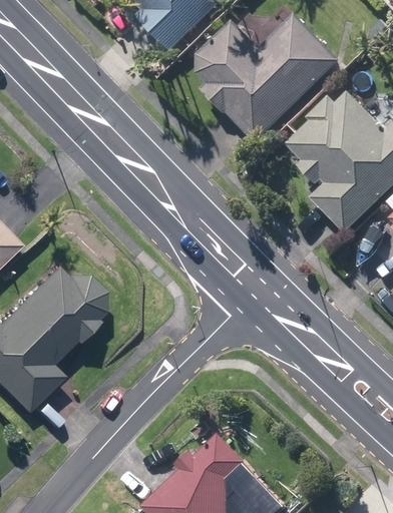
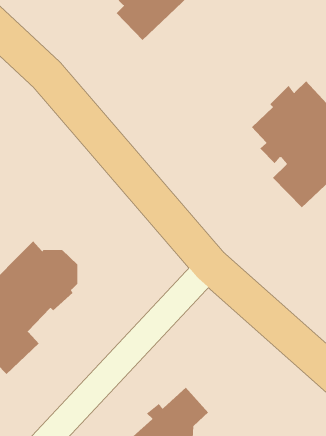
building: [192,15,342,142] -> none

